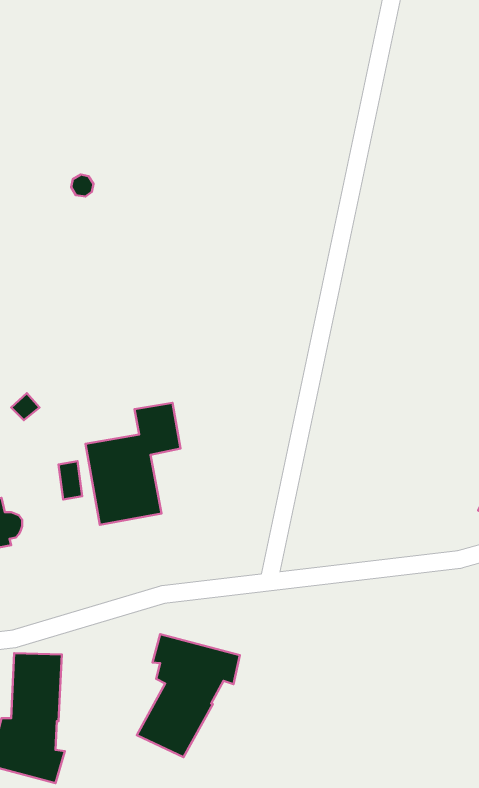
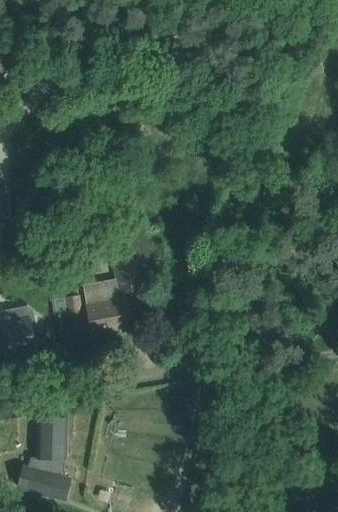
building: [137,634,240,757] -> none

